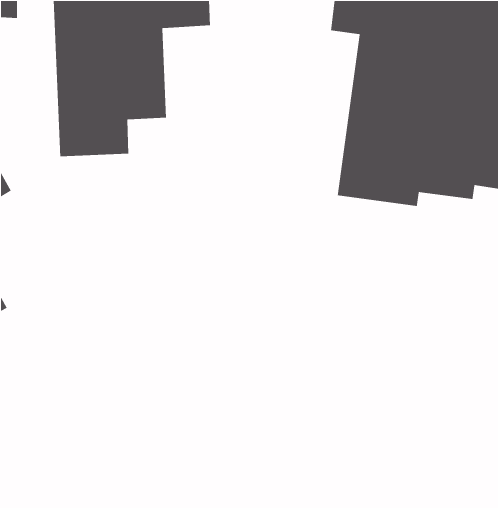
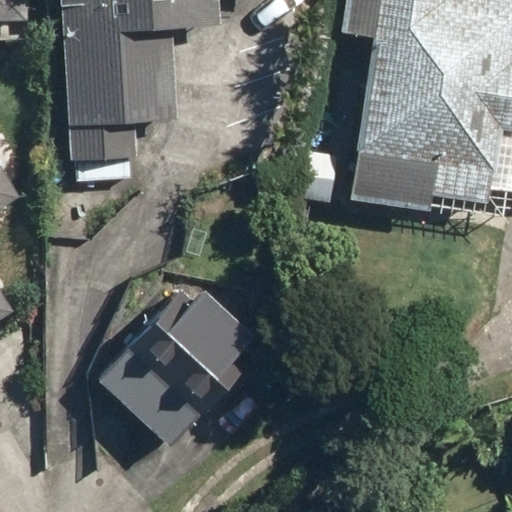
building: none -> [98,278,265,445]

